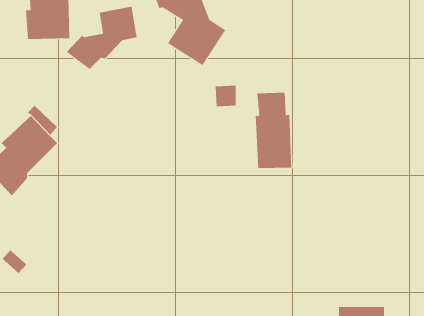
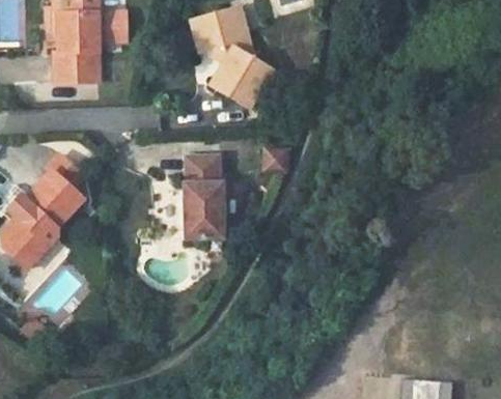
building: [66,6,137,70] -> none
building: [255,92,292,169] -> [184,154,225,239]

